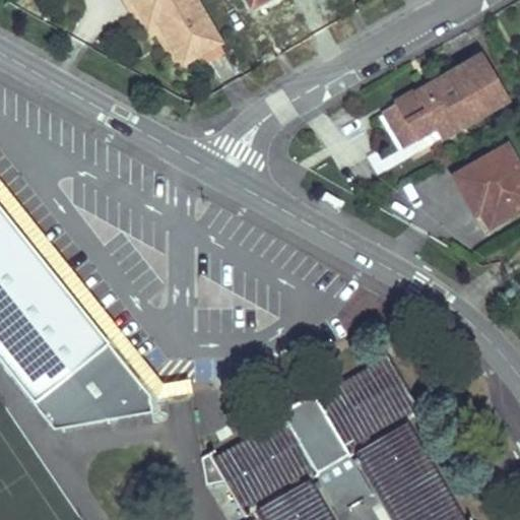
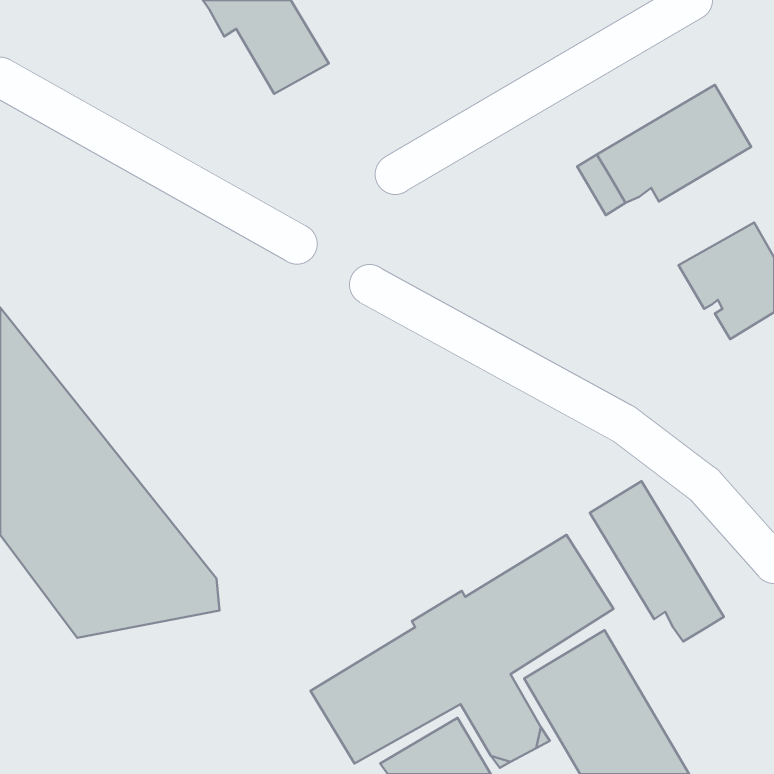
building: none -> [590,481,724,641]

